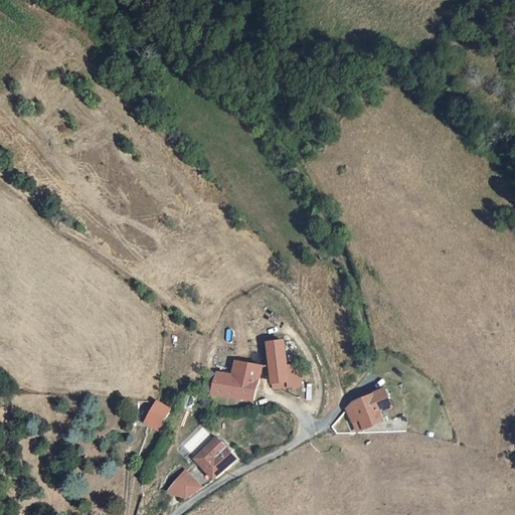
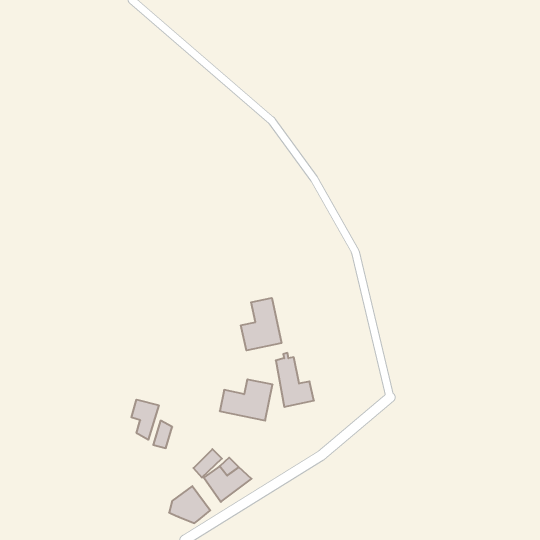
building: none -> [241,298,281,350]
building: none -> [131,400,159,440]
building: [346,389,390,434] -> none

